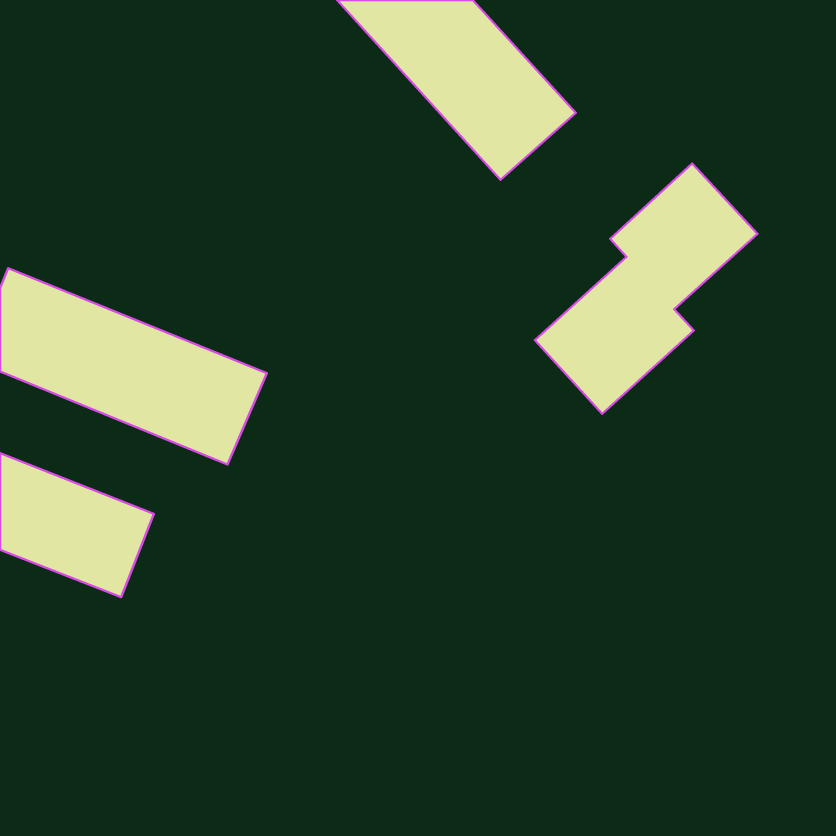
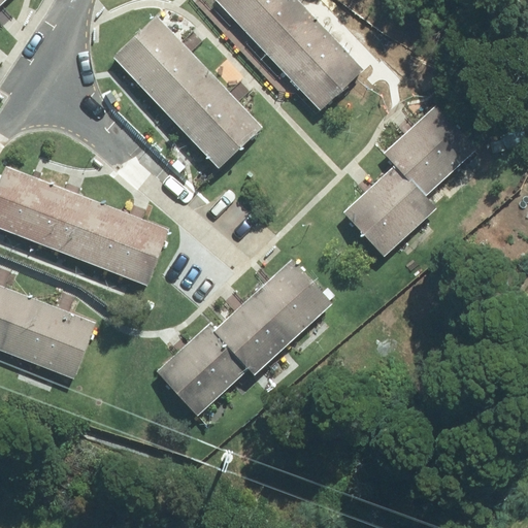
building: none -> [112,12,264,169]
building: none -> [158,248,334,414]

